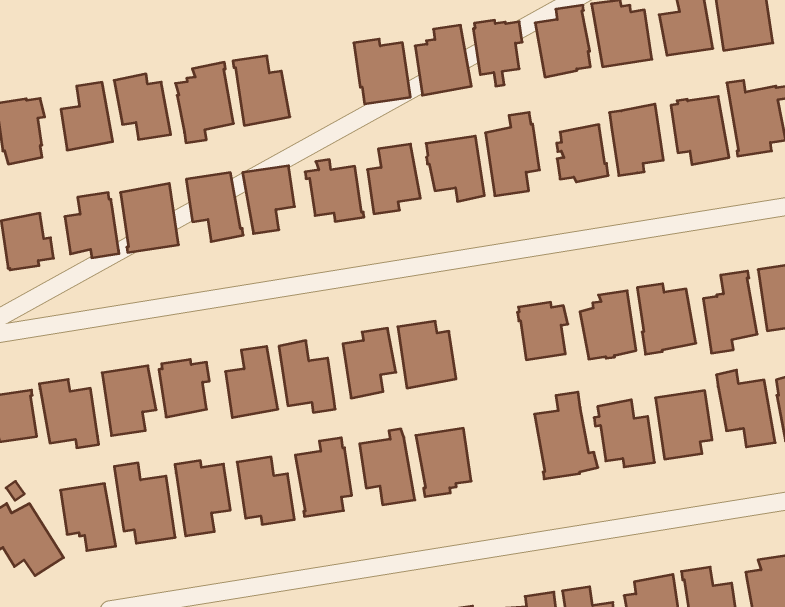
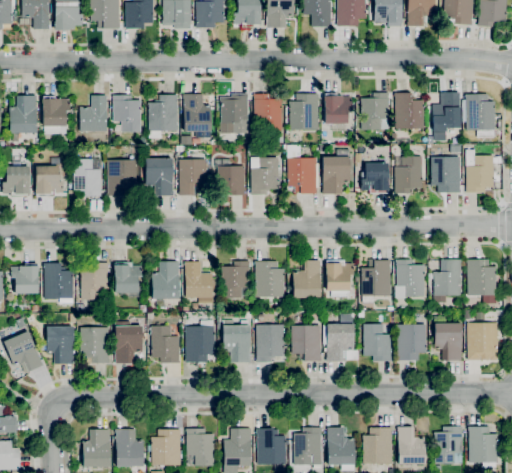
building: none -> [220,93,248,133]
building: none -> [293,260,320,298]
building: none -> [291,325,321,361]

